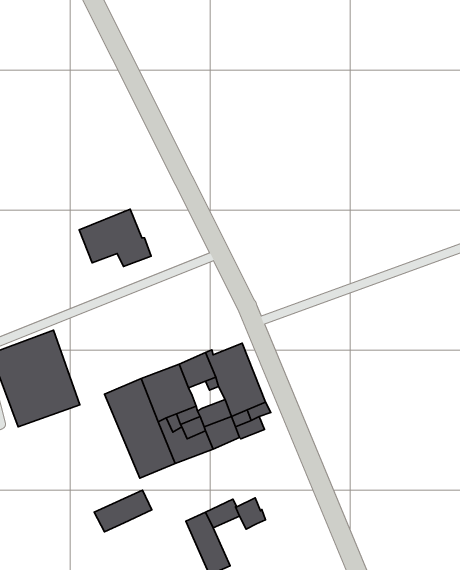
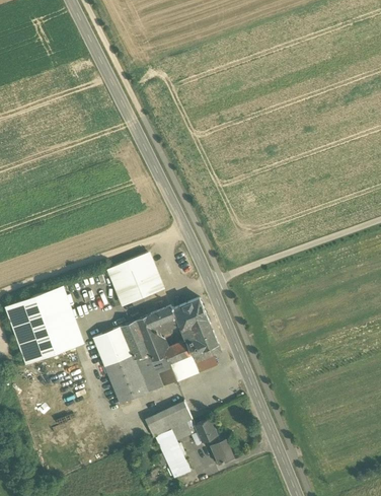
building: [79,209,151,267] -> [108,253,164,297]
building: [94,490,152,532] -> [148,404,193,436]
building: none -> [211,435,234,465]

